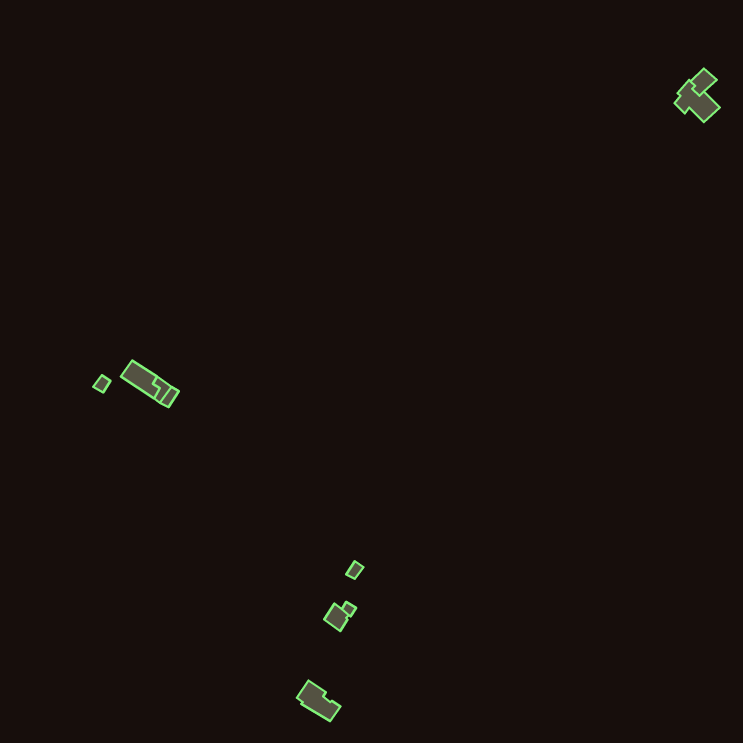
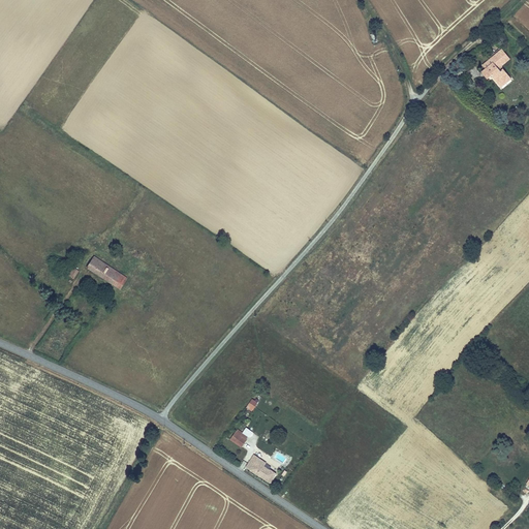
building: [297,680,340,721] -> [246,455,277,484]

